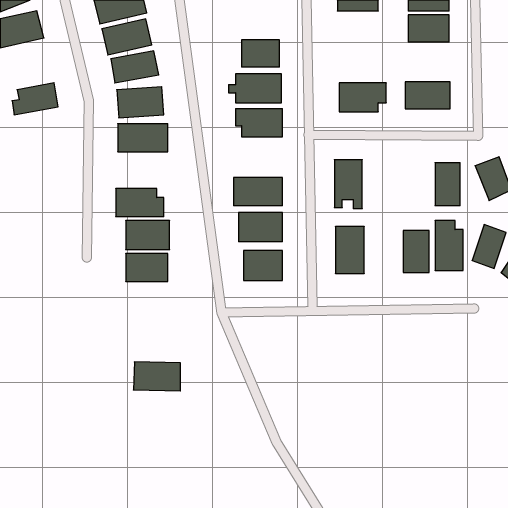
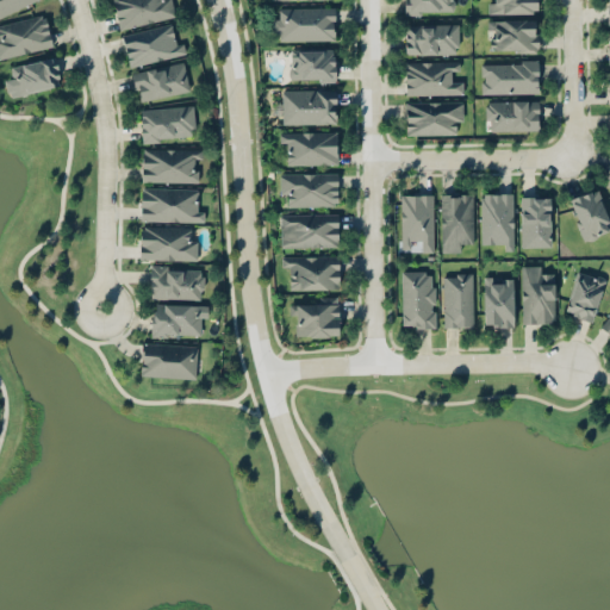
building: none -> [274,8,336,42]
building: none -> [406,25,460,55]
building: none -> [481,61,539,94]
building: none -> [406,62,465,97]
building: [12,83,58,115] -> [7,58,62,97]
building: none -> [281,174,340,207]
building: none -> [142,188,203,223]
building: none -> [442,193,477,253]
building: none -> [483,193,515,249]
building: none -> [444,273,474,329]
building: [133,362,180,391] -> [142,344,198,379]

